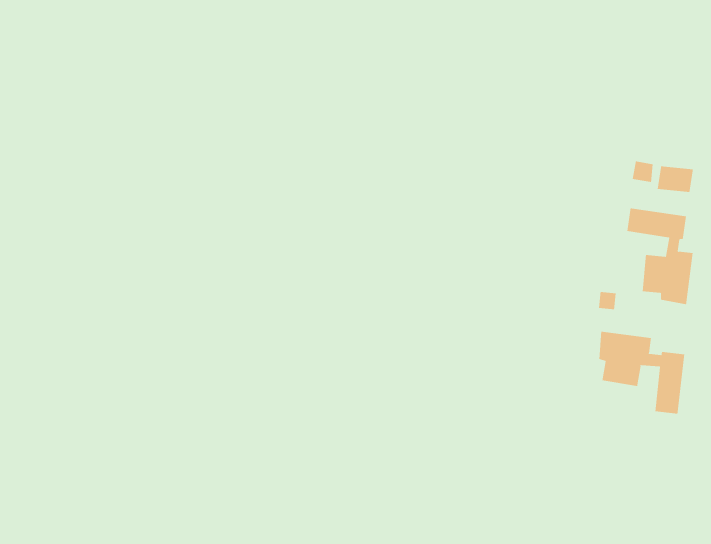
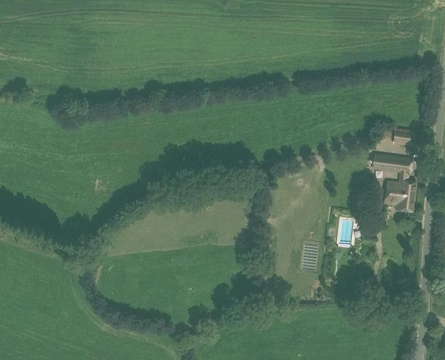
building: [599,331,685,414] -> none

